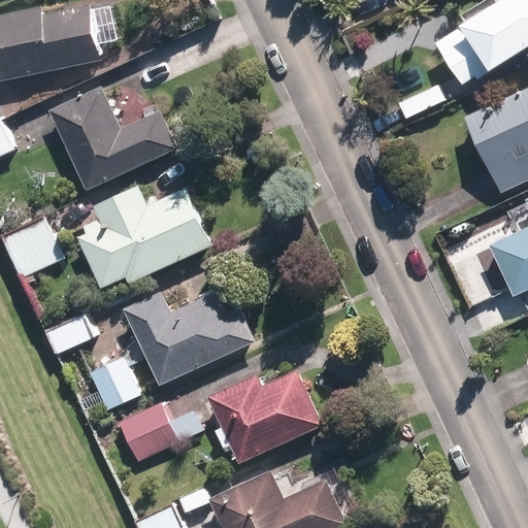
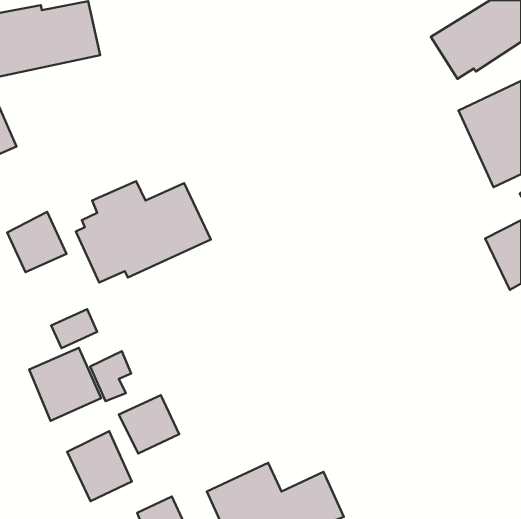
building: [48,88,177,193] -> none
building: [123,291,255,387] -> none
building: none -> [29,348,101,421]
building: [207,370,322,464] -> none
building: none -> [67,431,132,501]

